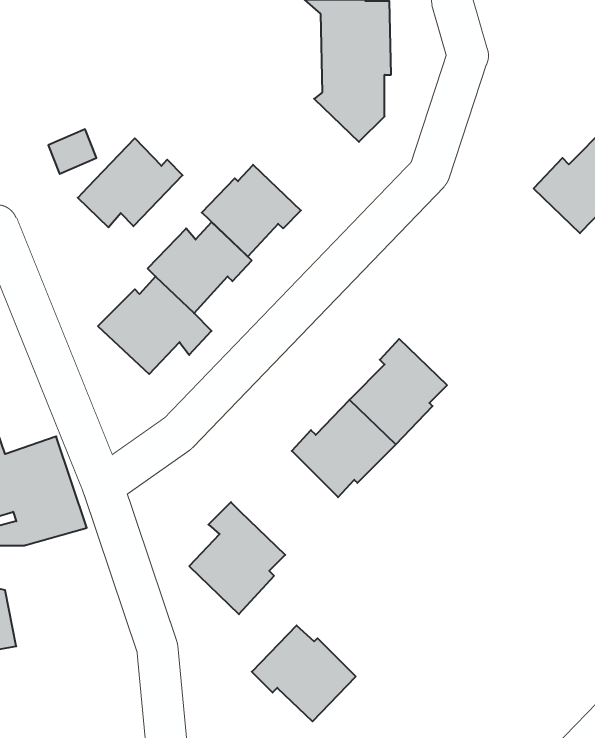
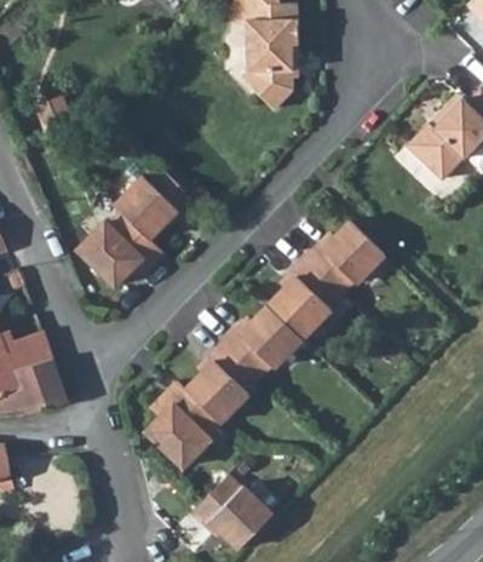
building: [78,138,183,227] -> none
building: [202,165,301,257] -> none
building: none -> [304,219,384,293]
building: none -> [184,343,258,423]

